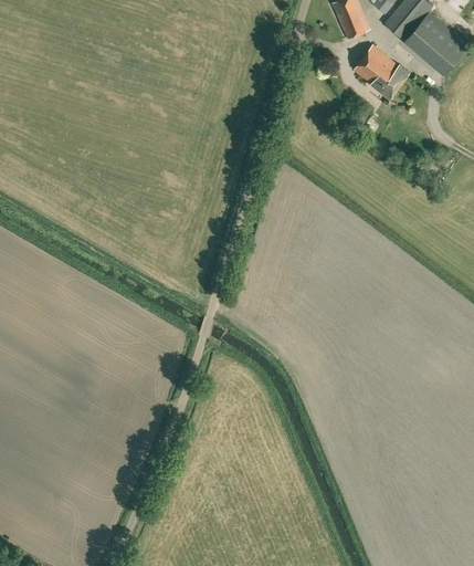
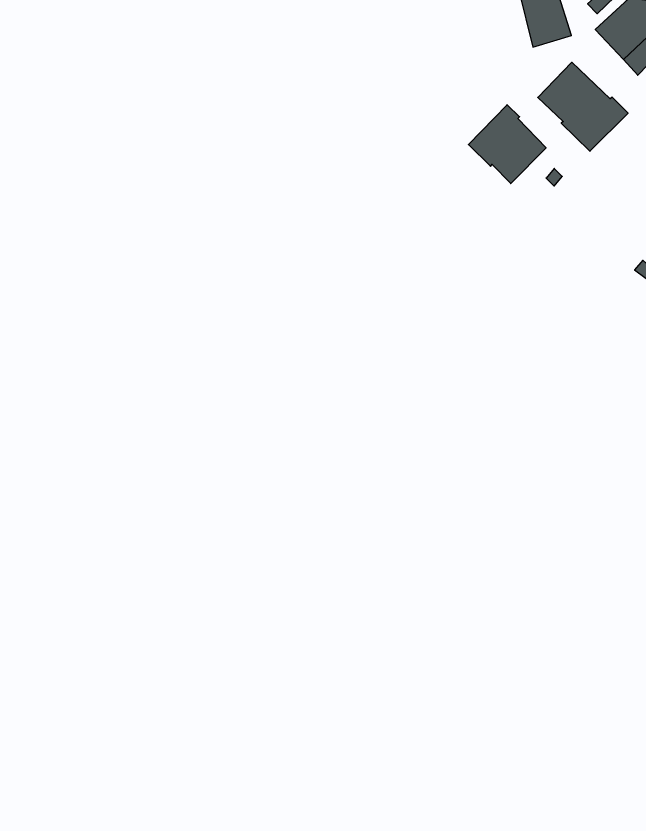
building: none -> [468,105,546,184]

